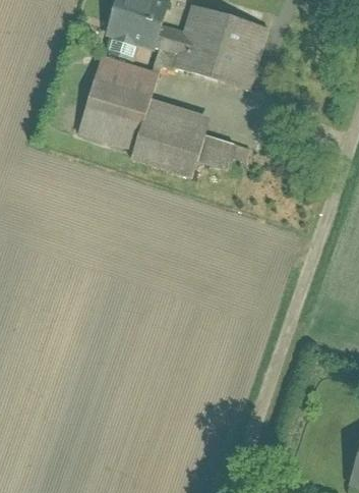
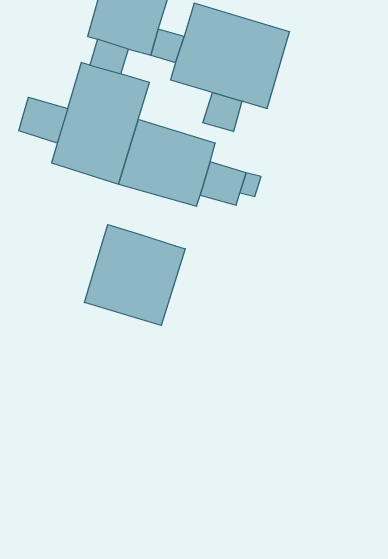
building: none -> [203,93,242,132]
building: none -> [19,97,68,143]
building: none -> [84,225,185,325]

